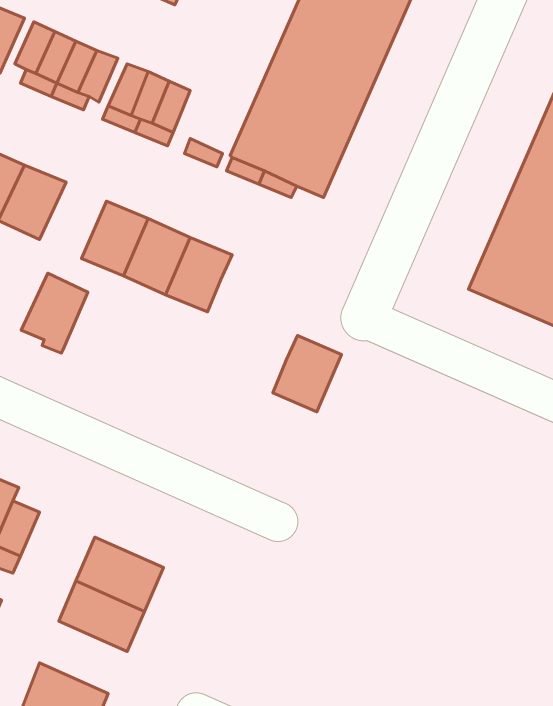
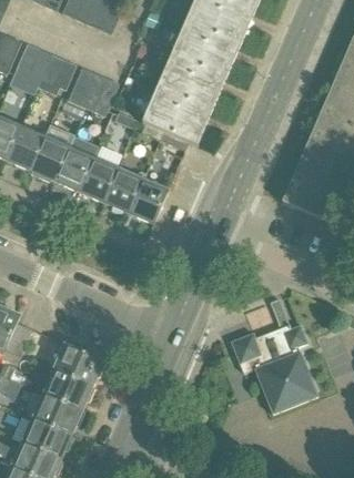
building: [21,273,88,353] -> [31,136,70,183]
building: [273,335,341,412] -> [129,179,169,223]
building: none -> [230,297,316,413]
building: none -> [31,391,82,434]

